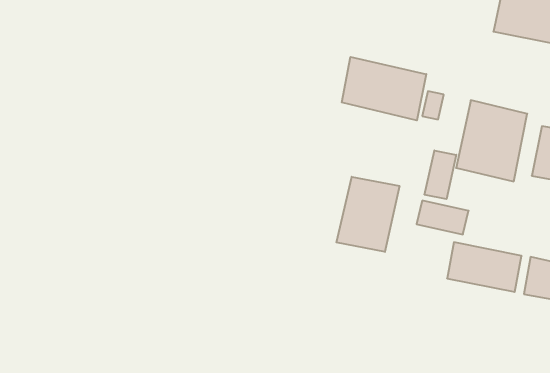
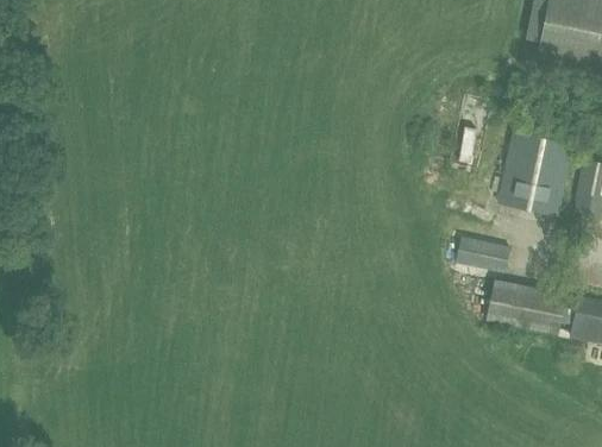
building: [342,57,426,120] -> none
building: [425,150,456,199] -> none
building: [336,177,399,252] -> none

